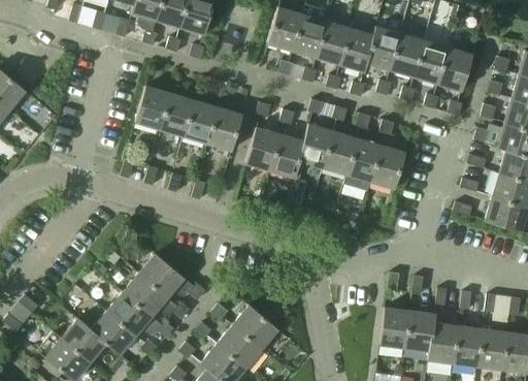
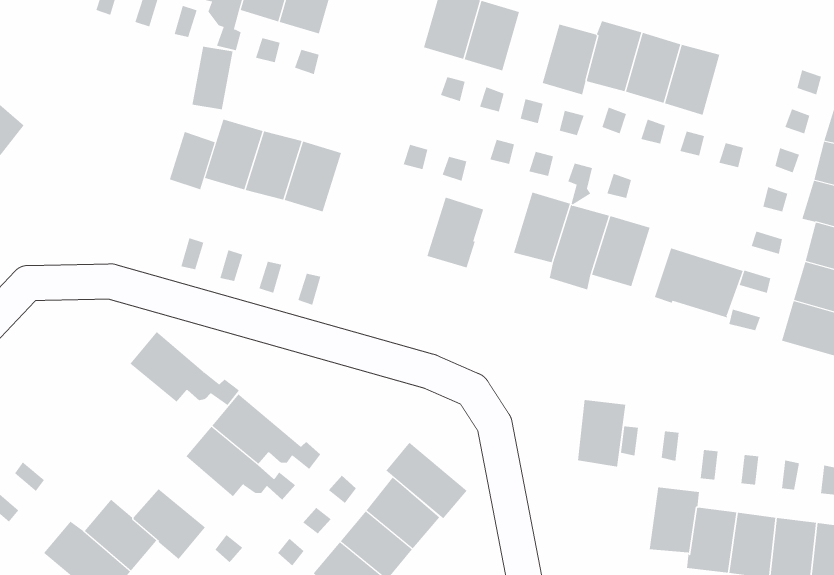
building: [317,22,351,65] -> none
building: none -> [192,46,233,110]
building: [438,47,473,92] -> none
building: none -> [169,131,216,190]
building: [207,107,243,151] -> none
building: [299,124,334,168] -> none
building: [246,127,282,170] -> none
building: none -> [654,248,744,318]
building: none -> [386,442,467,519]
building: [107,292,174,338] -> [129,331,240,406]
building: [381,308,410,349] -> [577,399,626,467]

